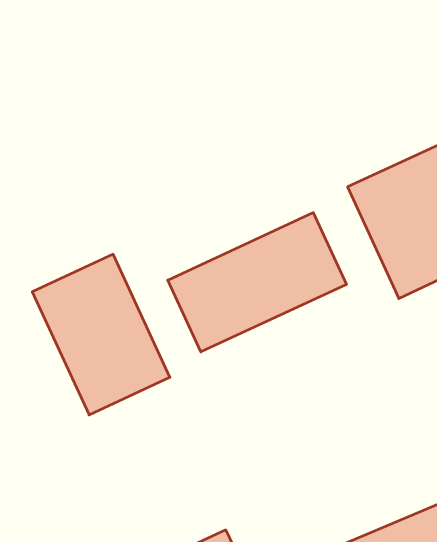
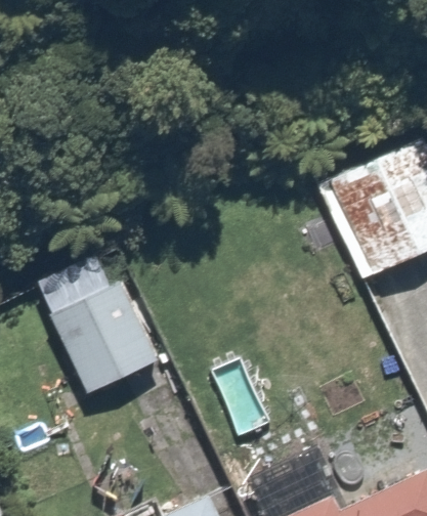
building: [168,213,346,352] -> none

